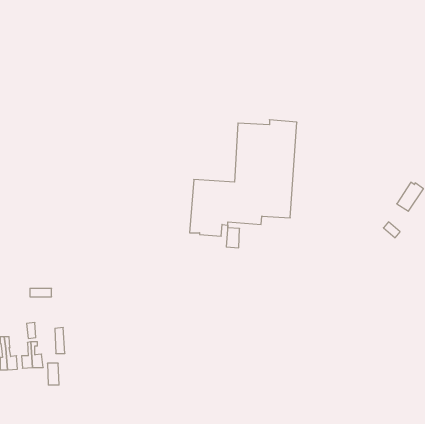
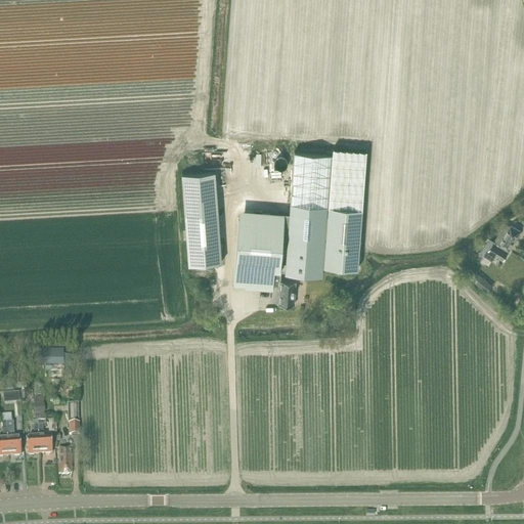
building: none -> [181,172,222,266]

